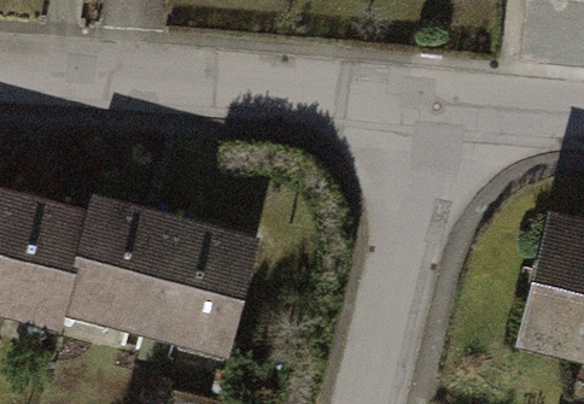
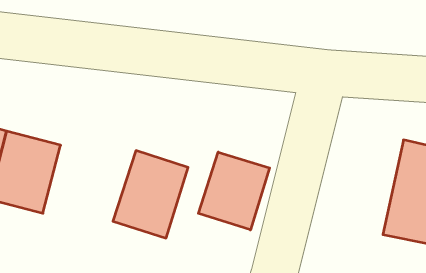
building: [84,210,187,329] -> none
building: none -> [198,152,270,230]

